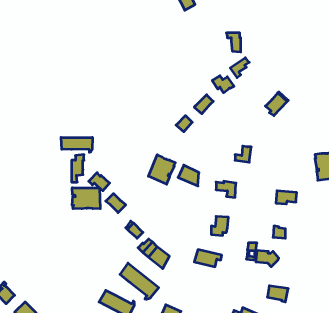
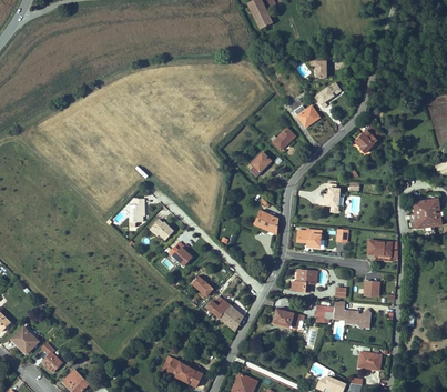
building: [61,137,92,152] -> none
building: [148,155,175,184] -> none
building: [72,188,100,209] -> none
building: [120,263,159,299] -> none

